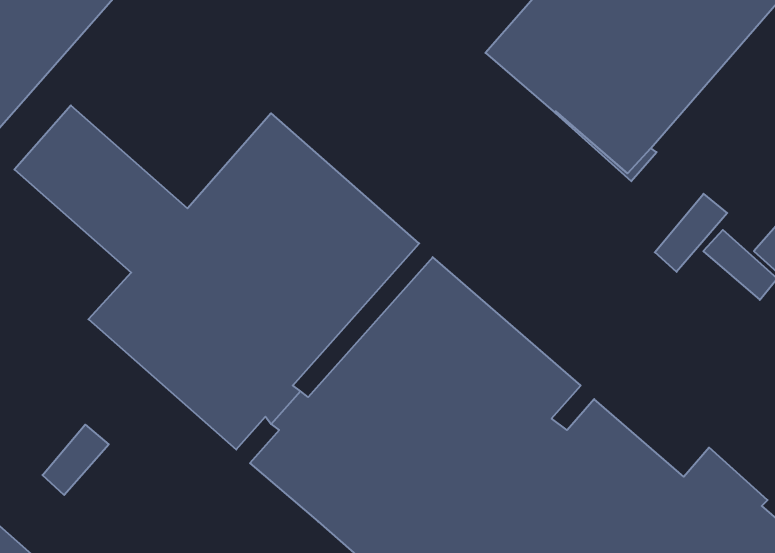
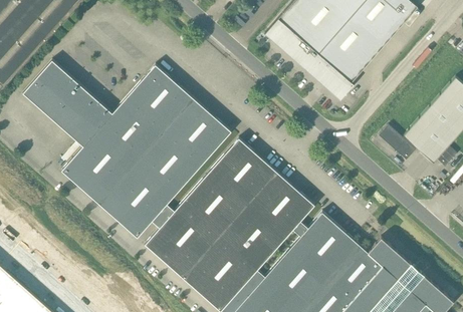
building: [655,194,727,272] -> none
building: [42,425,109,495] -> none

